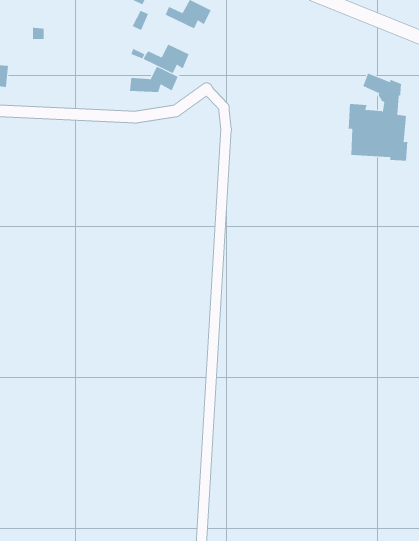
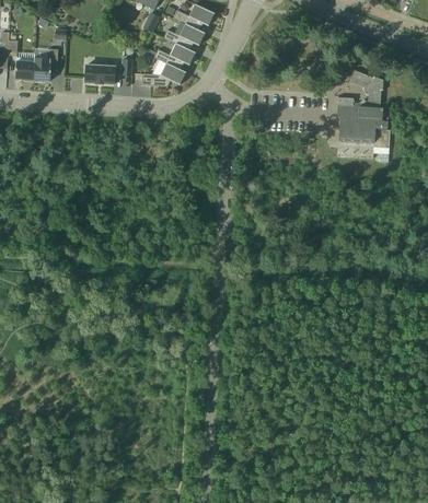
building: none -> [163,16,205,51]
building: none -> [32,48,58,82]
building: none -> [84,58,132,83]

